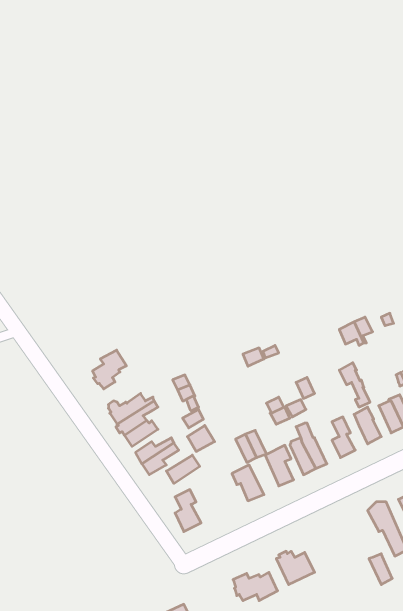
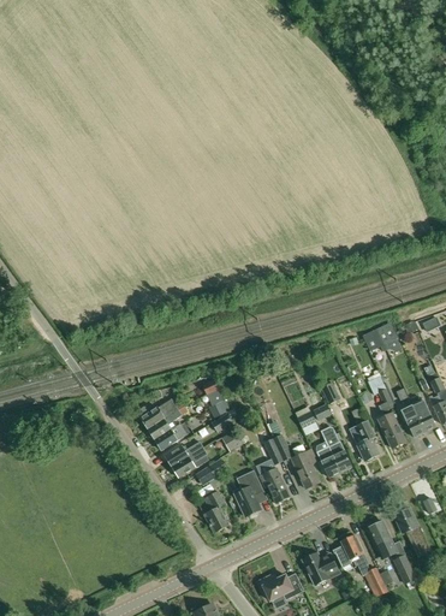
building: [93,350,126,389] -> none
building: none -> [234,470,264,517]
building: none -> [369,517,406,558]
building: none -> [334,534,385,590]

